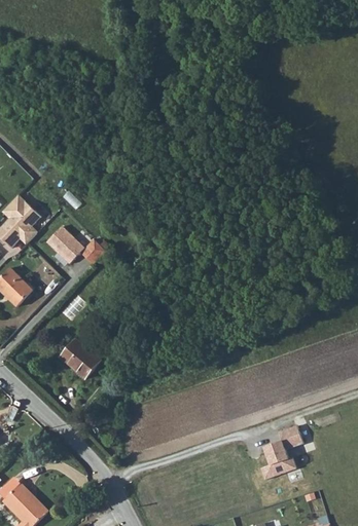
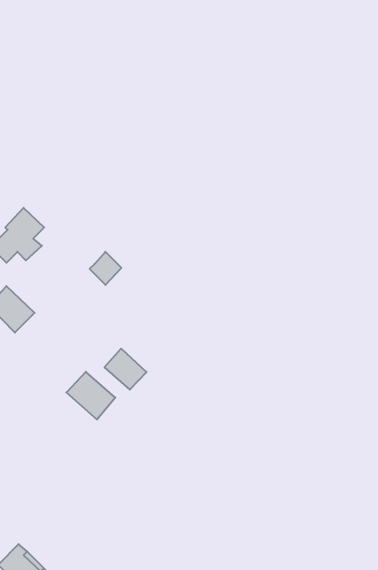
building: [42,225,82,262] -> none
building: none -> [105,349,147,390]
building: [261,426,303,479] -> none

